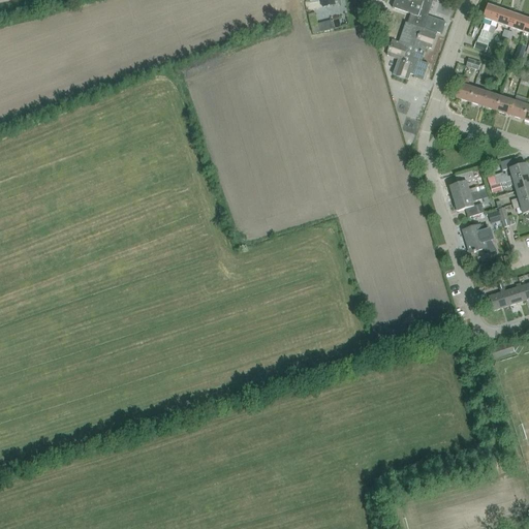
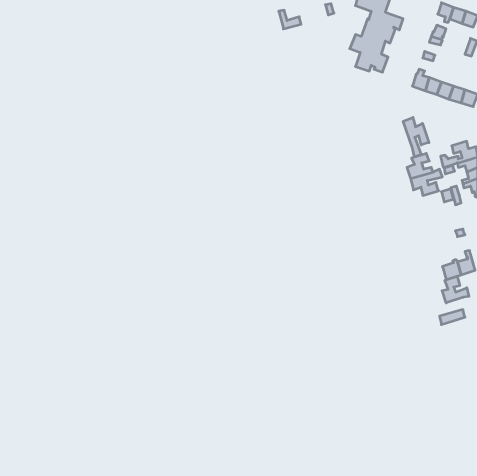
building: none -> [403,117,429,157]
building: [464,223,498,251] -> none
building: none -> [442,276,469,303]

